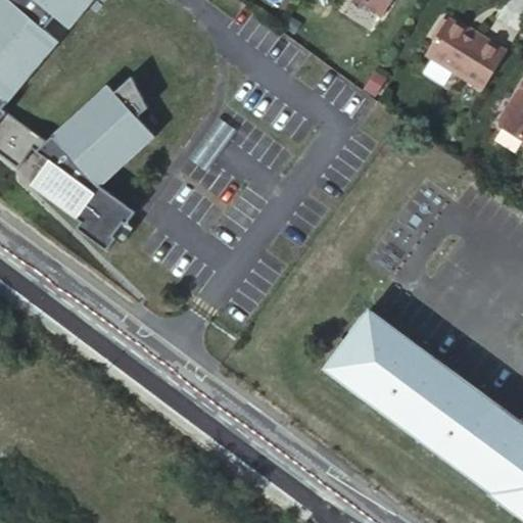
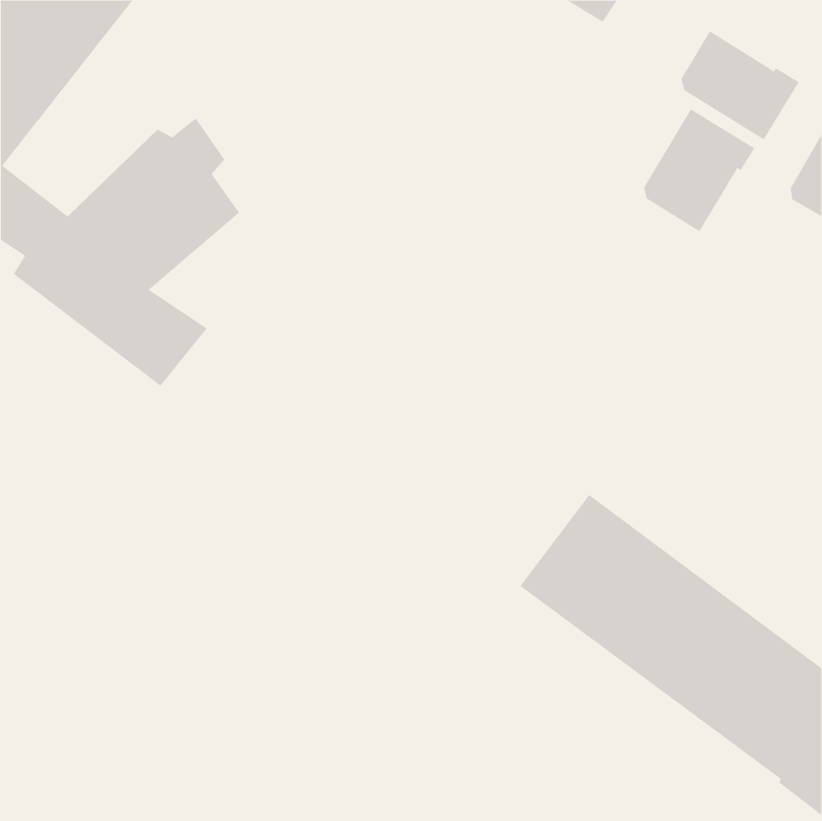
building: none -> [643,109,755,232]

